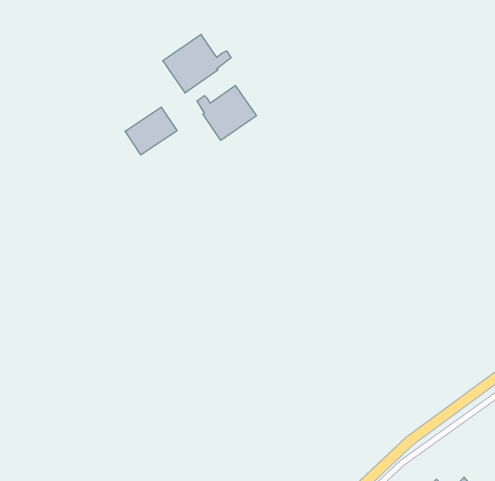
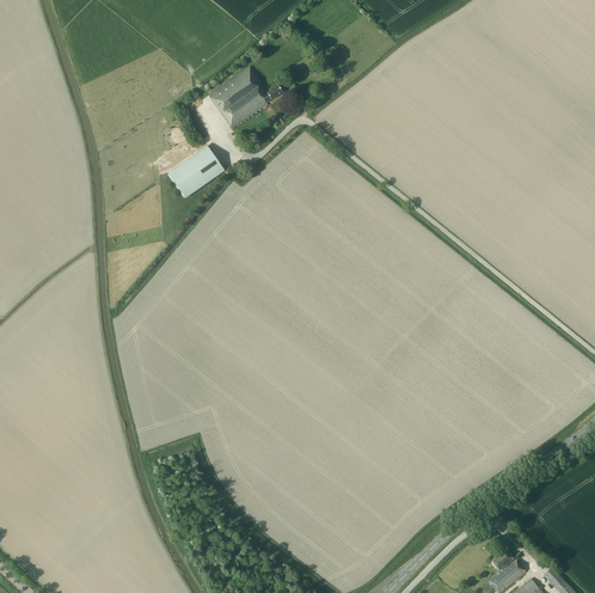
building: [197,85,256,140] -> none

